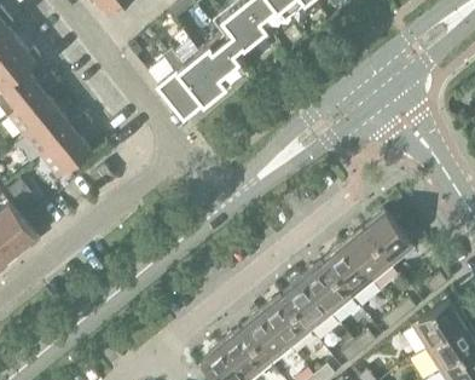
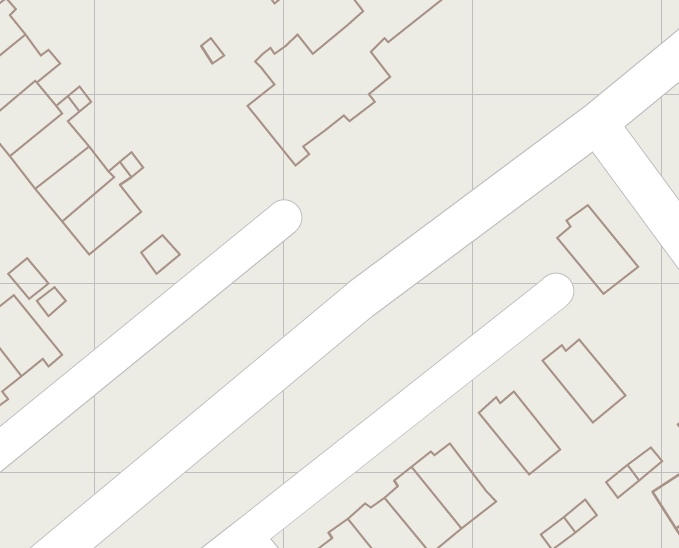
building: [364,211,415,266] -> [557,205,638,294]
building: [323,244,372,300] -> none
building: [283,277,332,333] -> none

